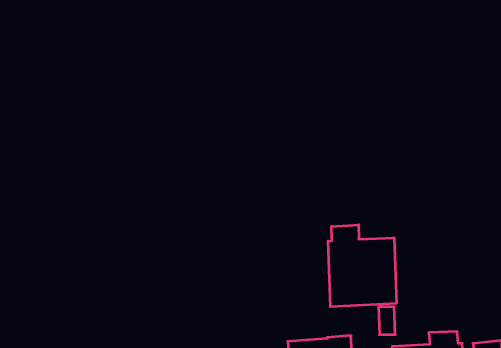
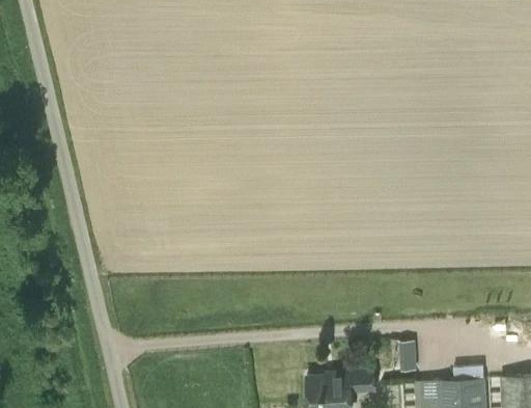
building: [328,225,396,307] -> none

